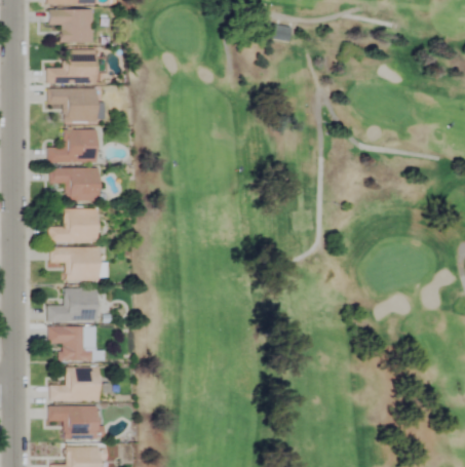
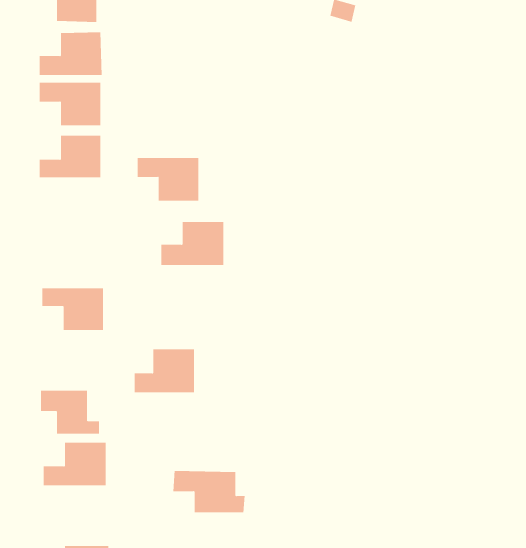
building: [50,167,99,201] -> [137,157,199,201]
building: [48,208,98,242] -> [161,222,224,265]
building: [50,287,98,321] -> [134,349,195,393]
building: [49,405,106,438] -> [173,470,246,513]

